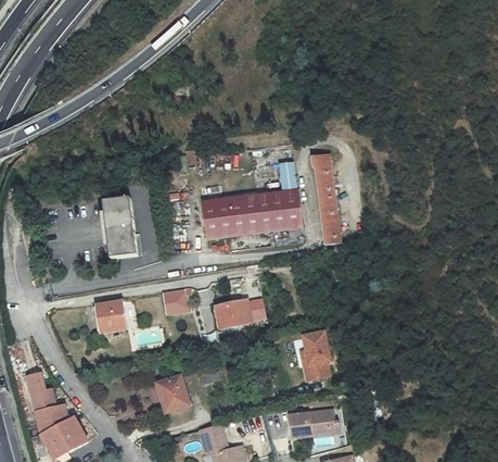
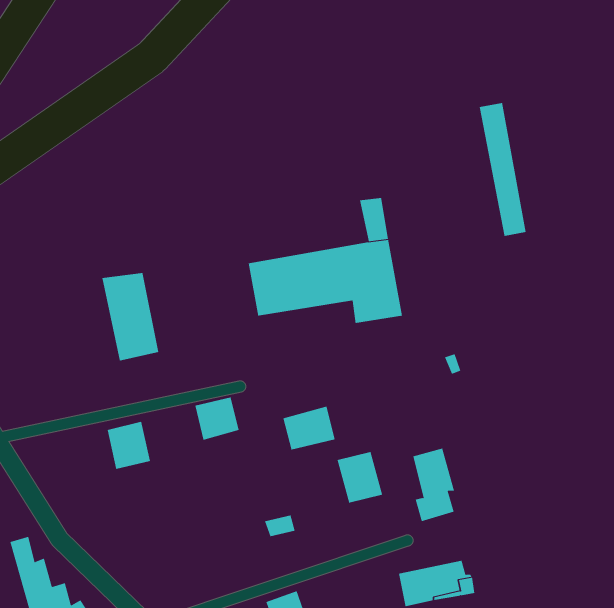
building: [310,158,337,248] -> [479,102,526,237]
building: none -> [337,451,383,503]
building: [162,376,190,411] -> none

